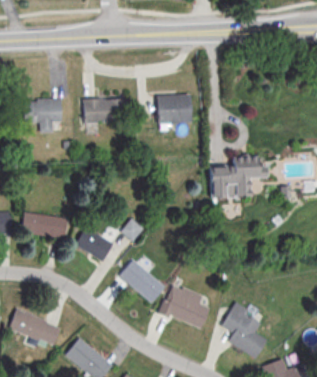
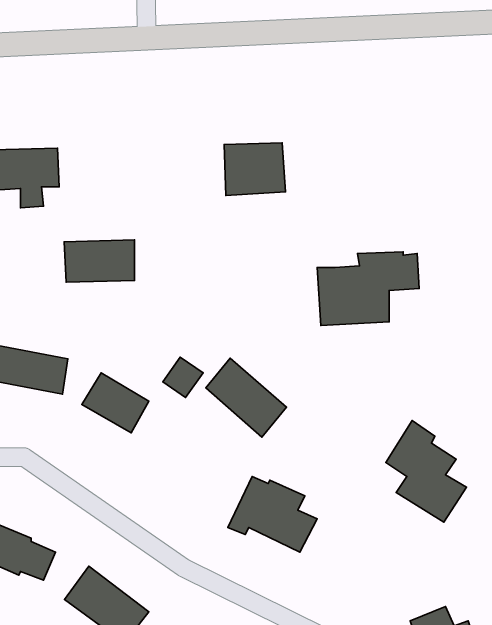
building: [84,98,124,122] -> [64,240,135,282]
building: [119,260,165,305] -> [206,358,286,437]
building: [221,303,267,361] -> [386,420,467,522]

